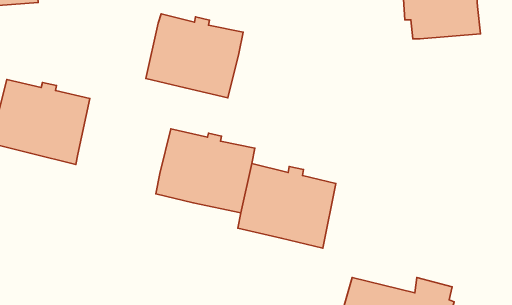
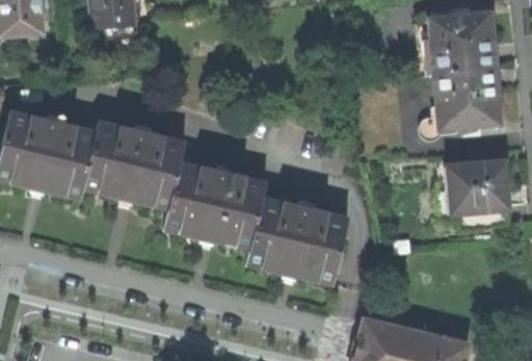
building: [146,14,243,98] -> [83,123,183,209]
building: none -> [434,66,501,125]
building: none -> [438,159,510,225]

